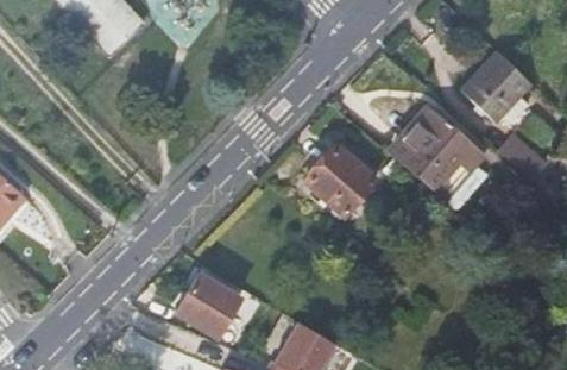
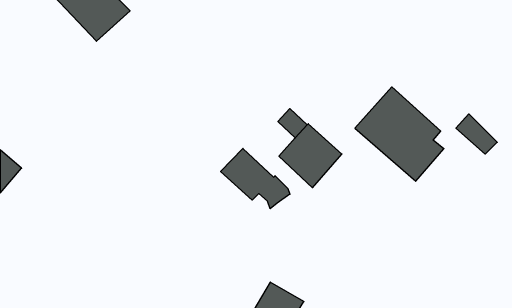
building: [460,49,534,124] -> none
building: none -> [221,148,290,209]
building: [175,272,241,337] -> none

